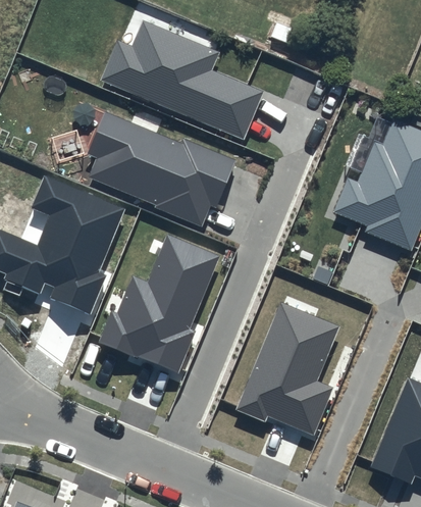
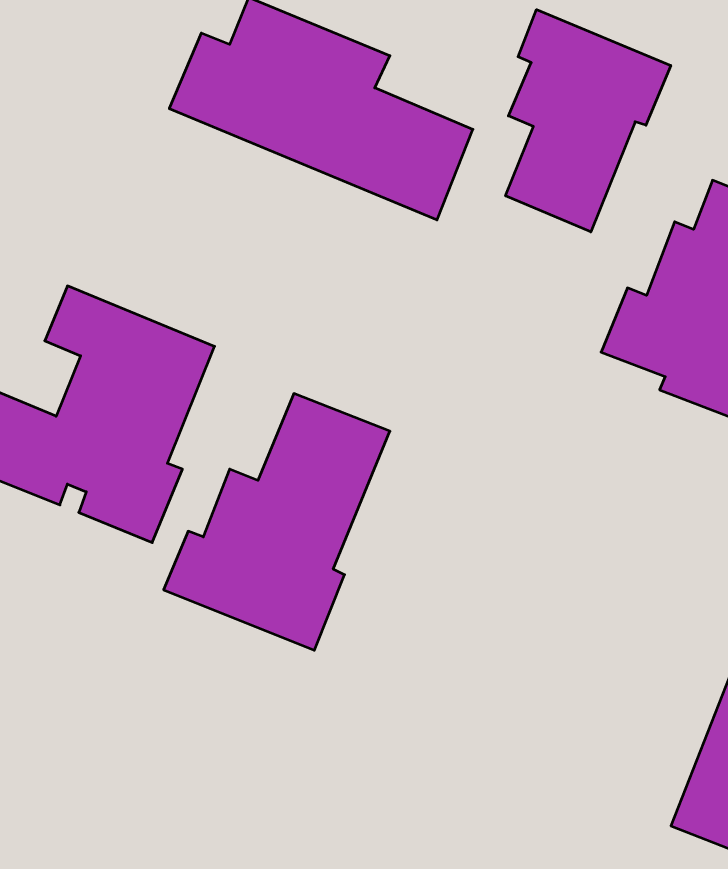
building: none -> [506,10,671,232]
building: [87,111,238,226] -> none
building: [236,302,338,434] -> none

